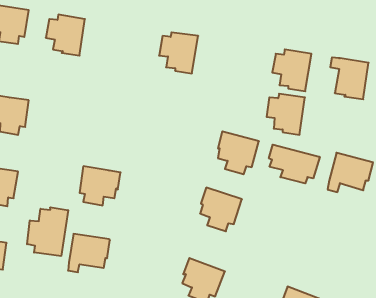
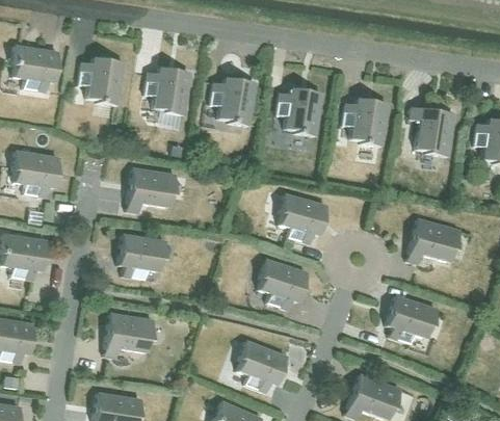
building: none -> [146,68,190,115]
building: [267,94,305,135] -> [278,88,322,136]
building: none -> [127,167,177,213]
building: [269,145,320,183] -> none
building: [27,207,68,256] -> none
building: none -> [387,295,438,344]

